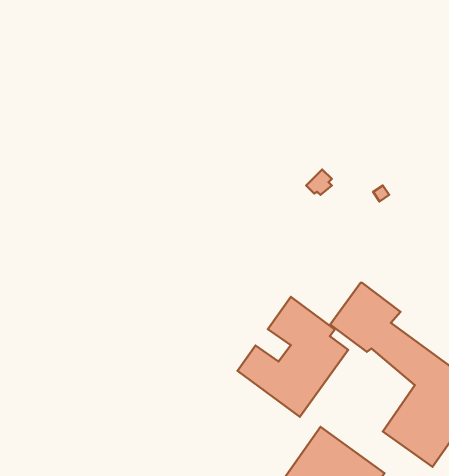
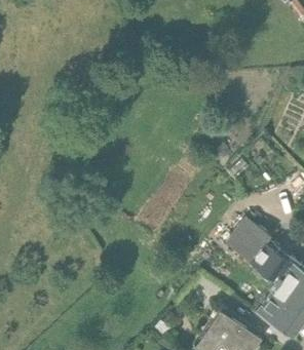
building: [238,297,348,417] -> none

